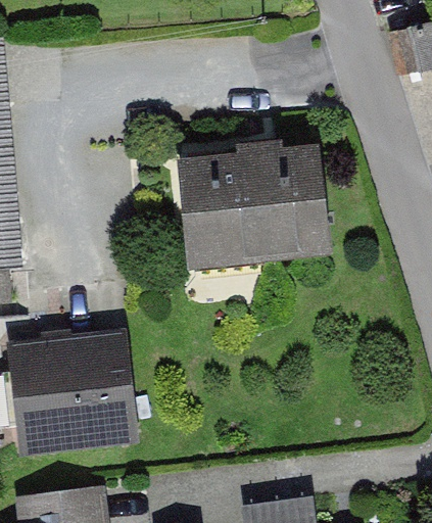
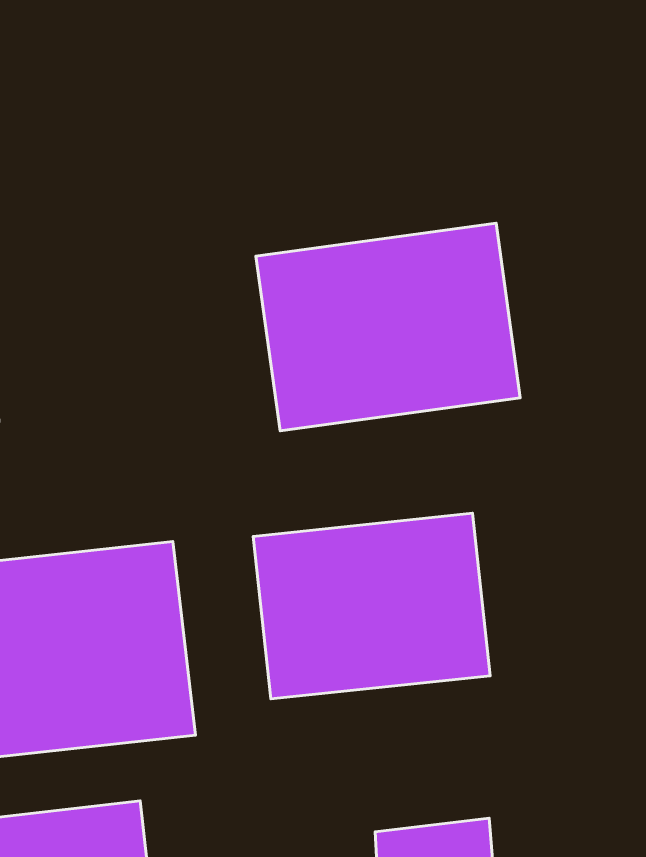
building: none -> [253,513,490,699]

